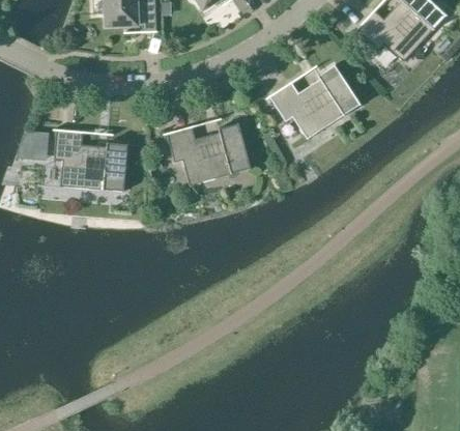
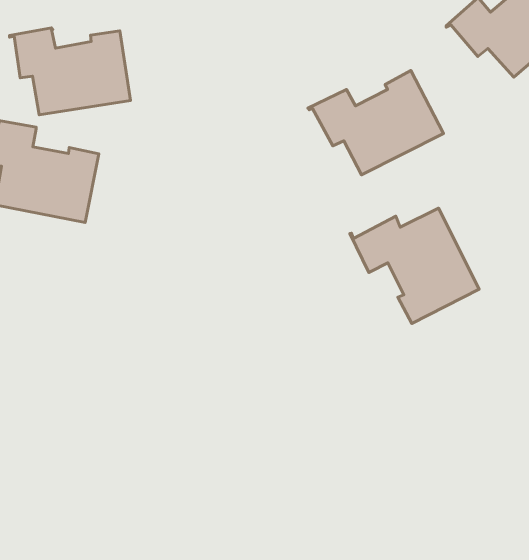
building: [163,121,250,184] -> [9,28,130,115]
building: none -> [350,208,479,324]

